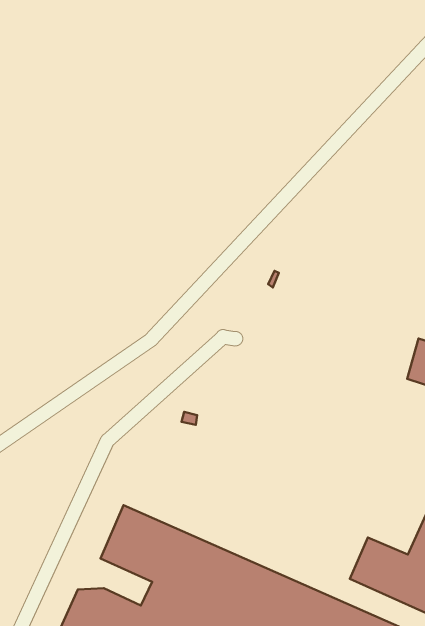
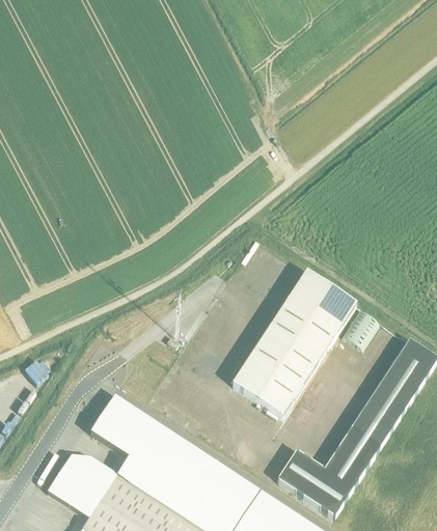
building: none -> [233,271,356,416]

